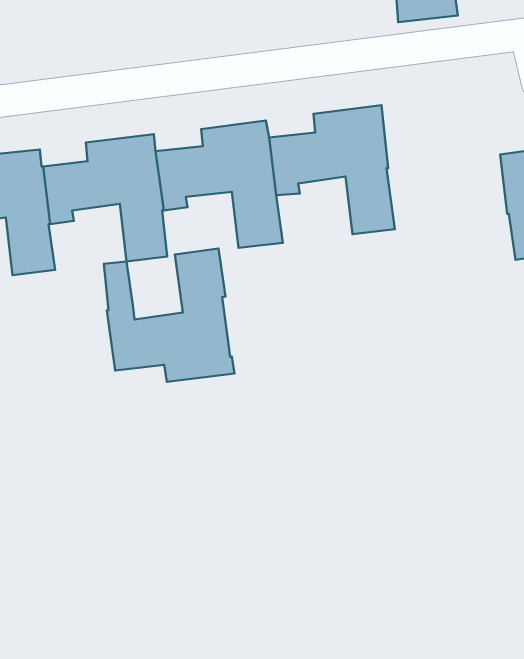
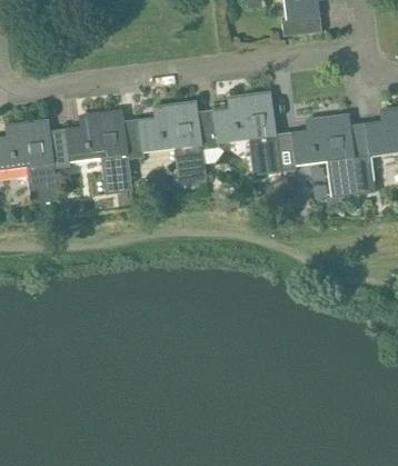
building: none -> [276,111,360,196]
building: [104,249,235,382] -> none

